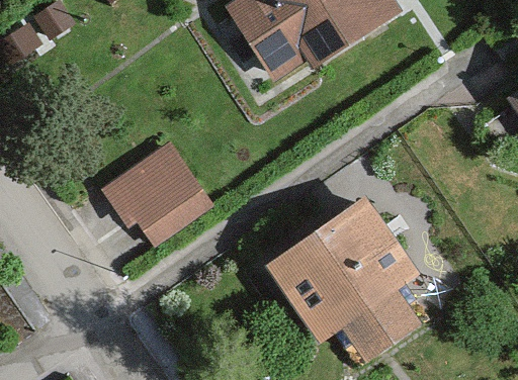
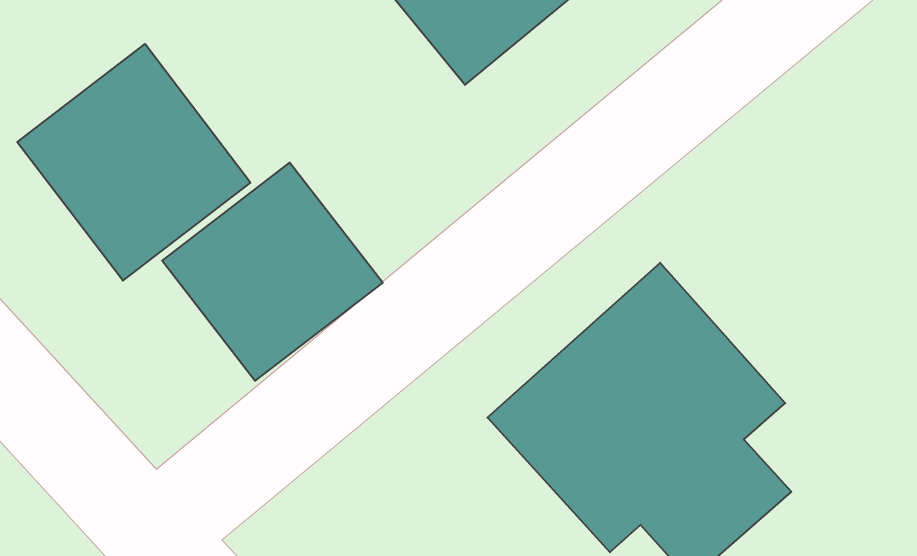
building: none -> [17,44,250,281]

